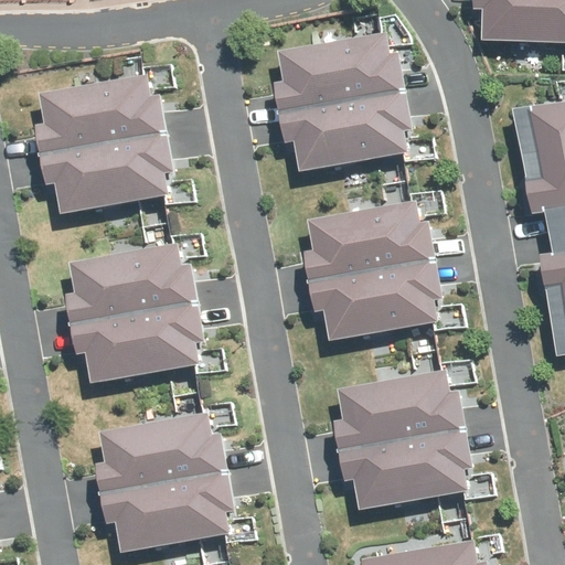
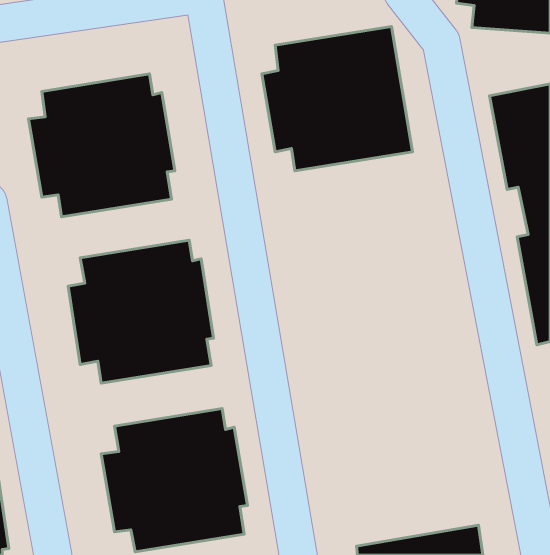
building: [294,195,444,341] -> none
building: [326,370,477,514] -> none

